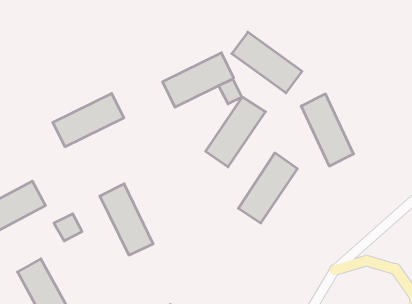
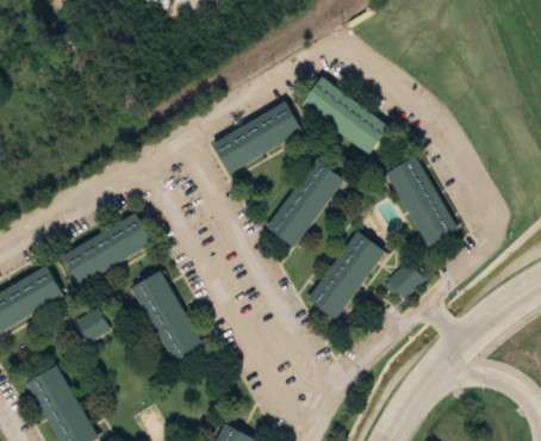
building: [219,79,242,104] -> none
building: [53,93,124,147] -> [62,216,153,284]
building: none -> [385,262,424,303]

